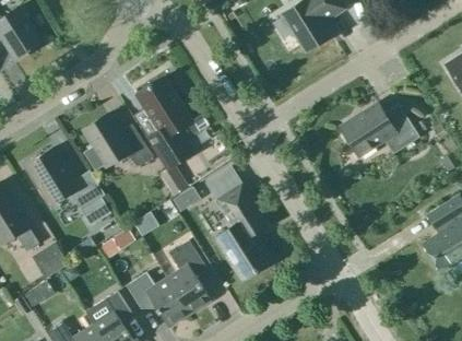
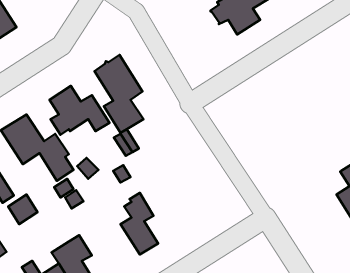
building: [340,103,419,154] -> none
building: [205,166,270,279] -> none
building: [126,271,189,327] -> none

